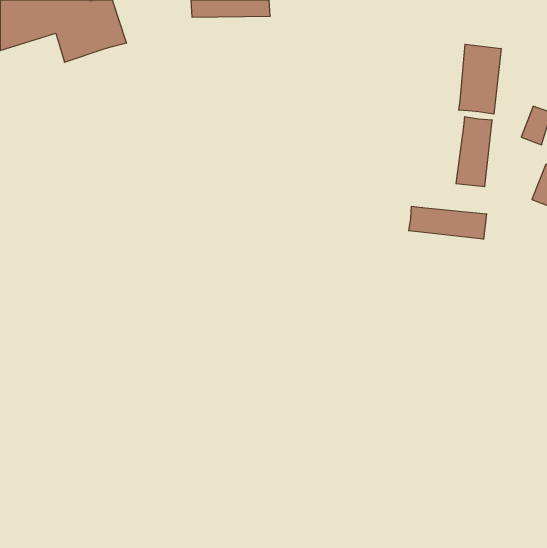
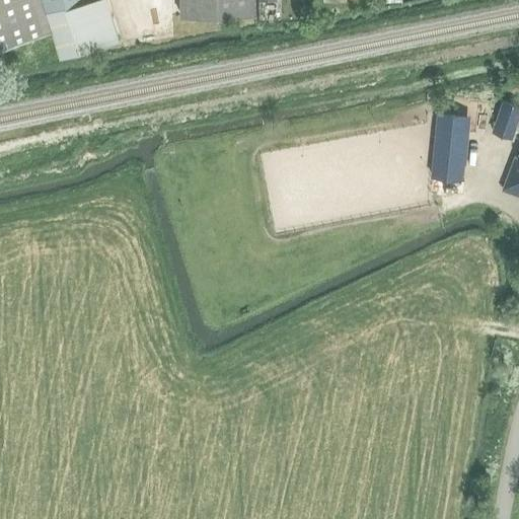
building: [459,44,501,114] -> none
building: [409,206,486,239] -> none

